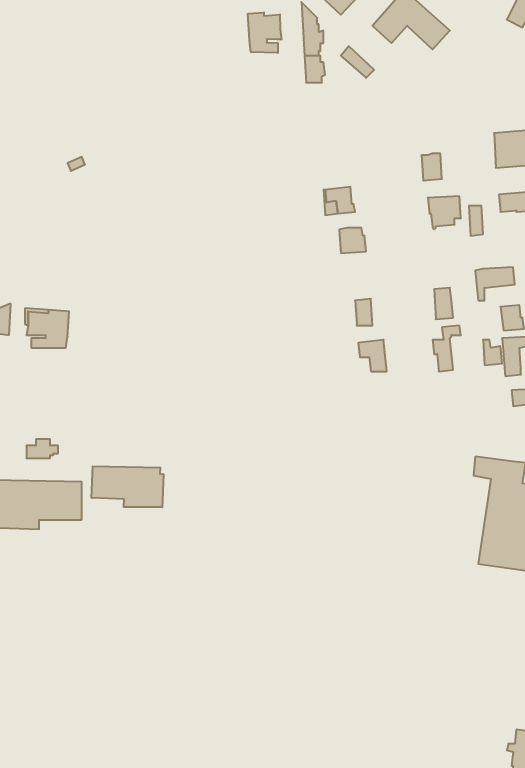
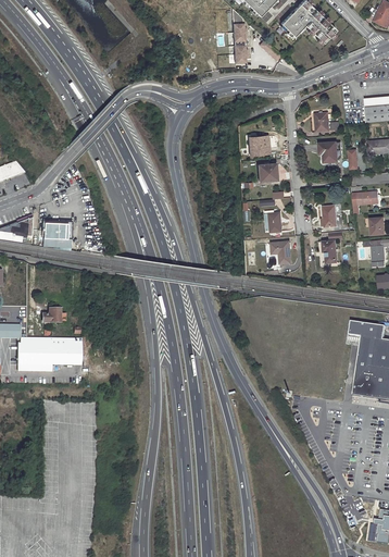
building: [248,12,281,53] -> none
building: [92,466,163,507] -> none

